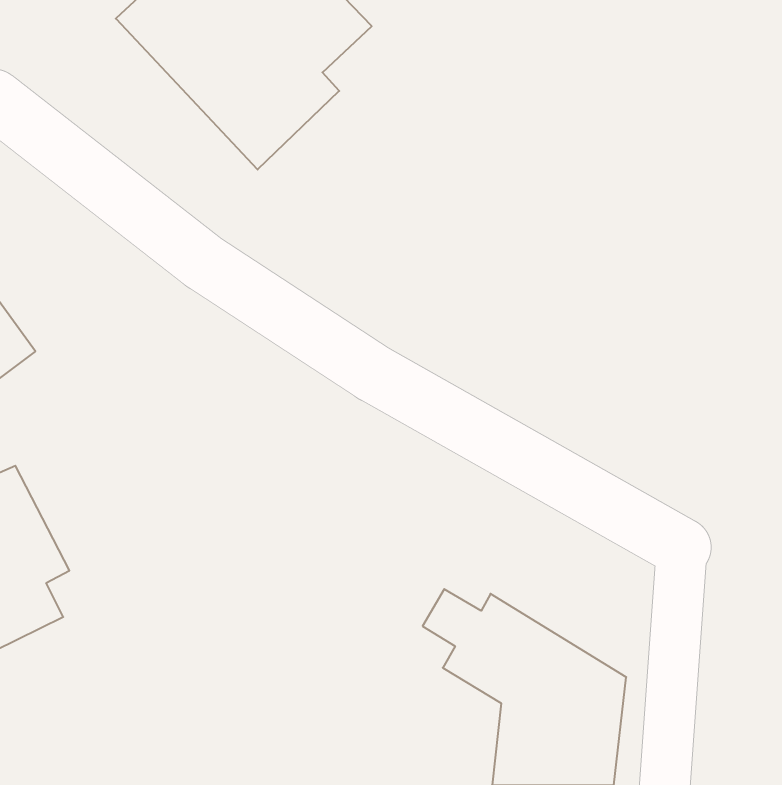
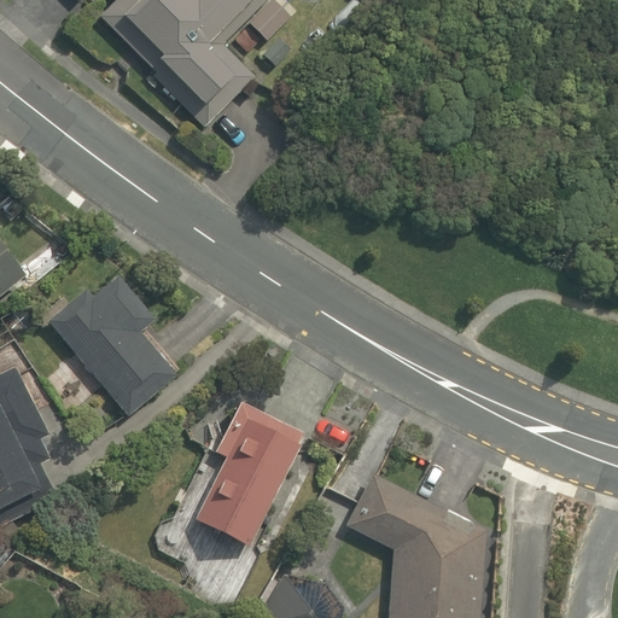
building: none -> [48,276,182,418]
building: none -> [192,400,305,548]

